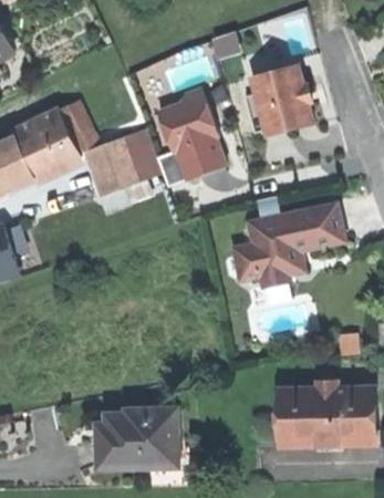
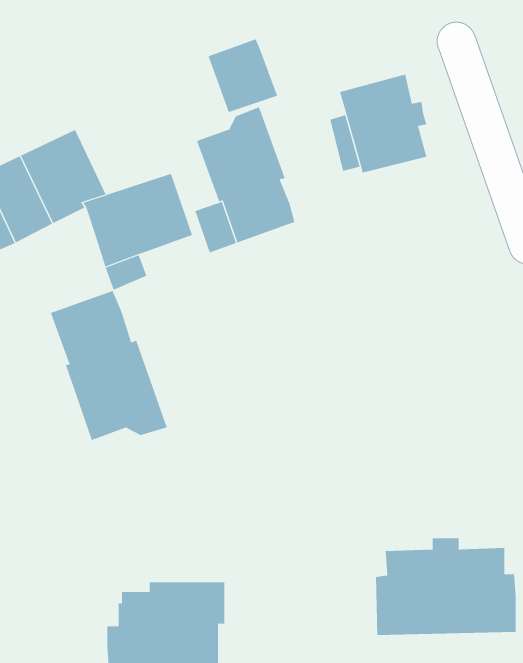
building: none -> [208,39,278,113]
building: [235,204,342,277] -> none
building: none -> [50,290,167,441]

